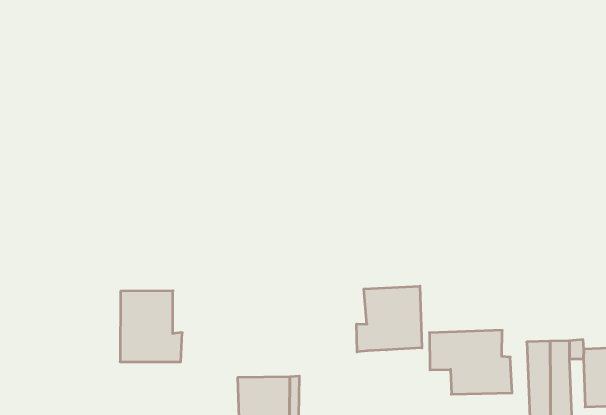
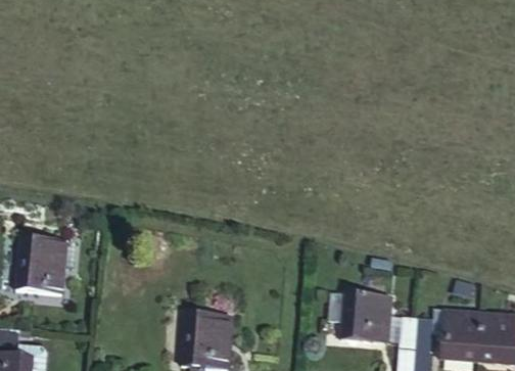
building: [357,286,422,352] -> none
building: [120,291,182,362] -> [16,237,64,293]

